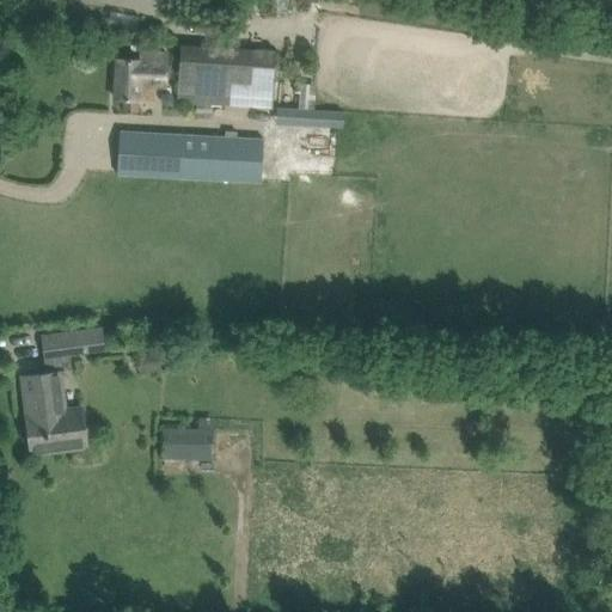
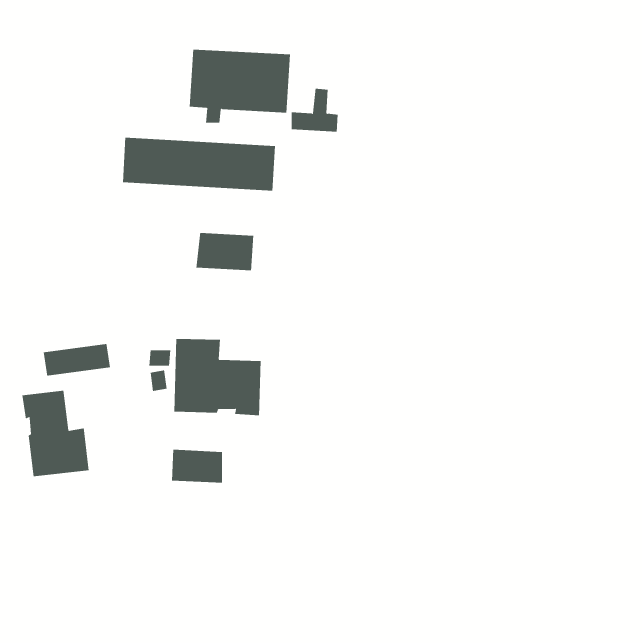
building: [114,49,169,112] -> none
building: none -> [196,232,254,271]
building: none -> [174,338,261,416]

